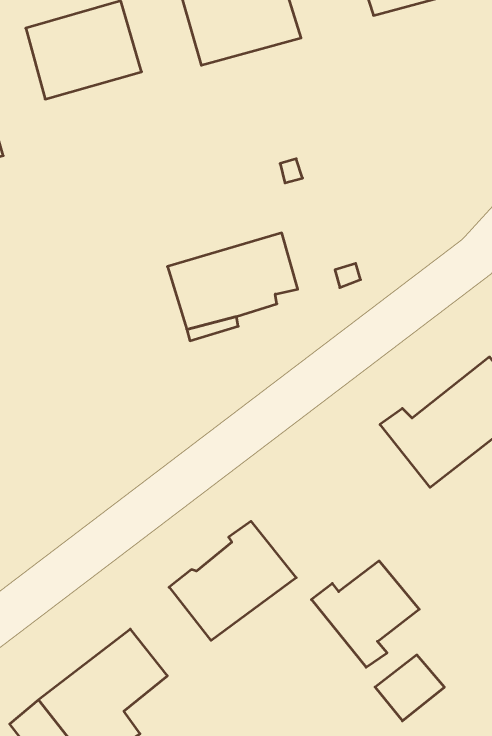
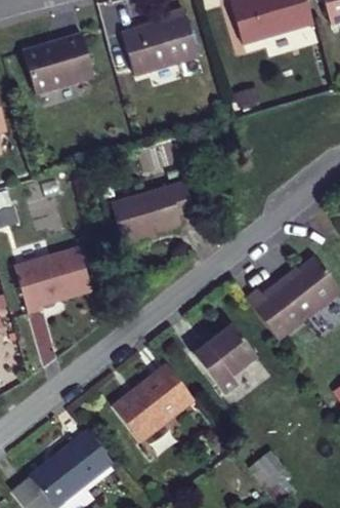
building: none -> [12,248,91,316]
building: [311,561,419,667] -> [189,327,258,395]

